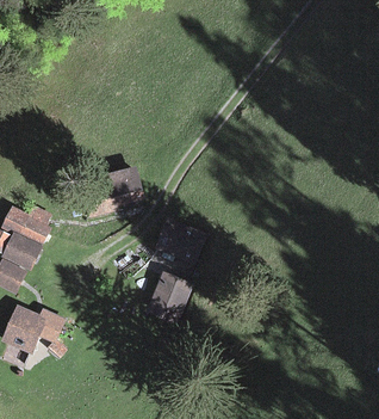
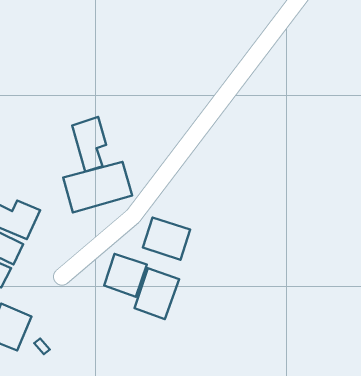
building: none -> [72,117,106,171]
building: none -> [104,254,147,297]

